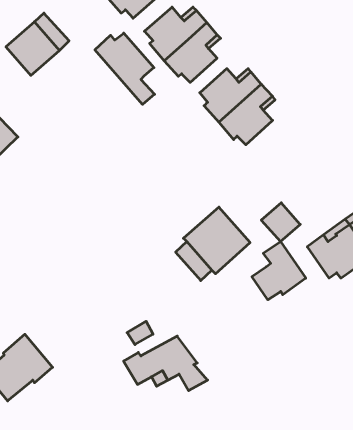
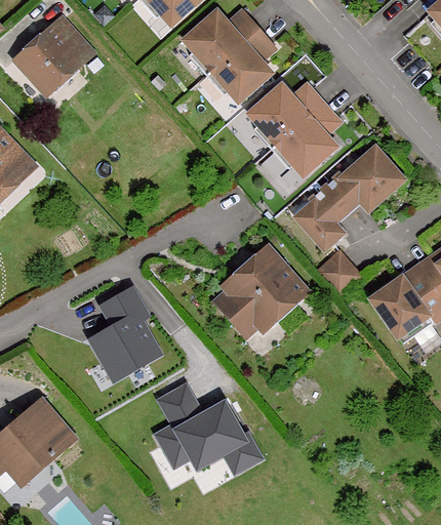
building: [95,33,155,104] -> none
building: none -> [295,149,402,250]
building: none -> [94,289,158,375]
building: [252,242,306,300] -> none

